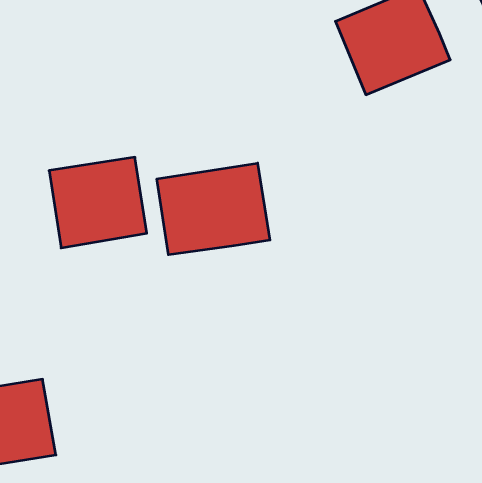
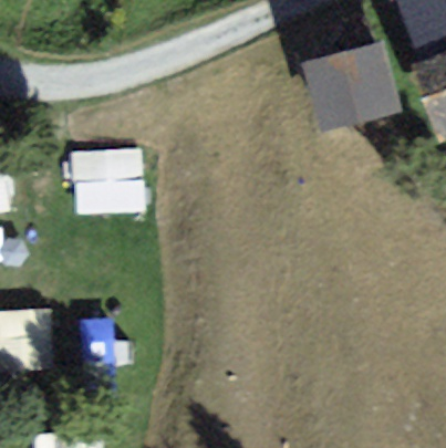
building: [157,163,270,255] -> none

